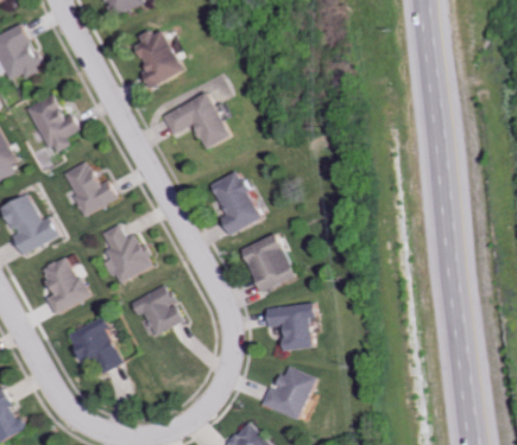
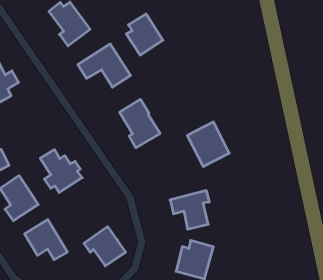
building: none -> [126,14,163,55]
building: [61,160,116,215] -> none
building: [240,233,294,291] -> [187,122,229,167]
building: [127,284,182,336] -> [84,227,126,266]

